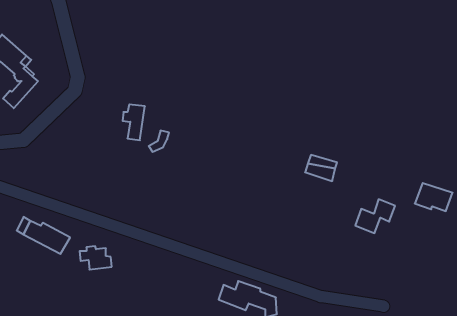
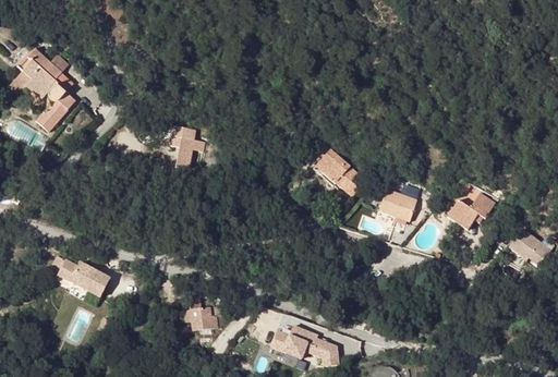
building: none -> [307,147,357,190]
building: [355,199,395,233] -> [449,188,494,227]
building: [80,246,112,270] -> [182,307,218,333]

